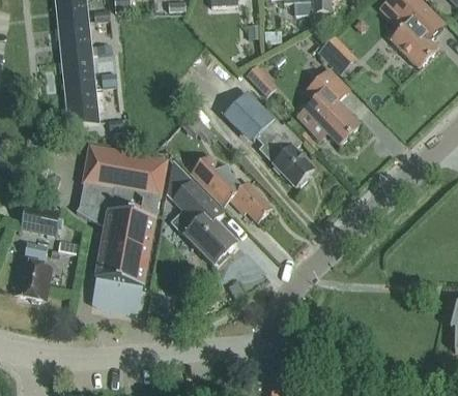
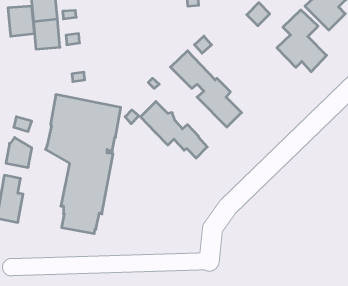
building: [298,68,359,143] -> [277,10,327,72]
building: [64,88,96,124] -> [8,6,35,36]
building: [171,179,235,264] -> none

